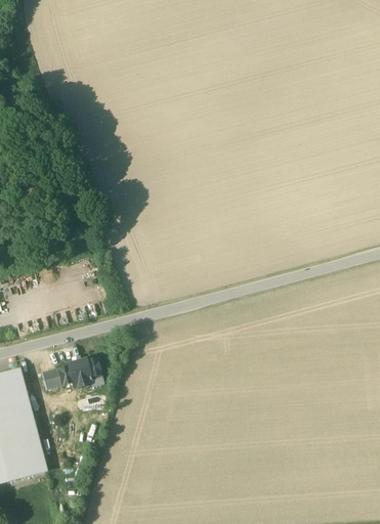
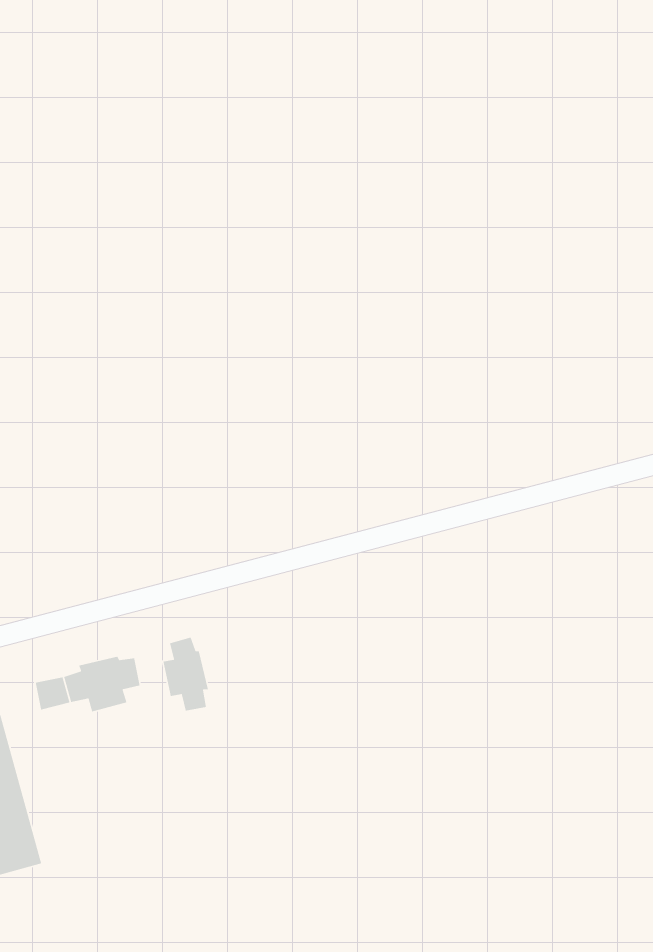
building: none -> [162,636,209,712]

